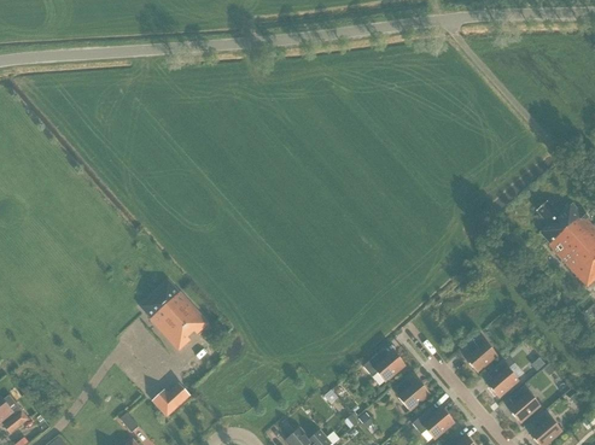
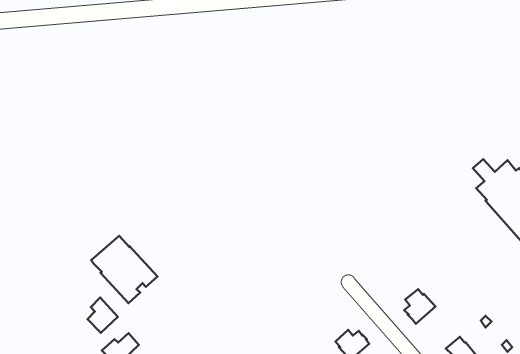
building: none -> [87,298,118,333]
building: [363,350,404,382] -> none
building: [486,359,518,398] -> none

